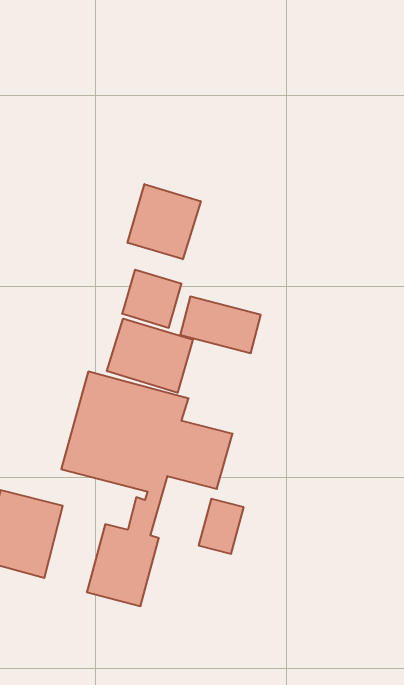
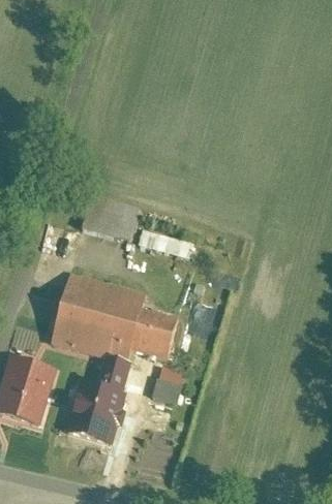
building: [128,184,201,259] -> none
building: [107,319,193,393] -> none

